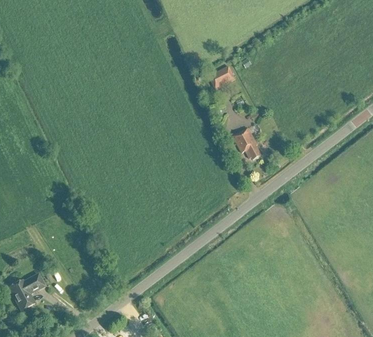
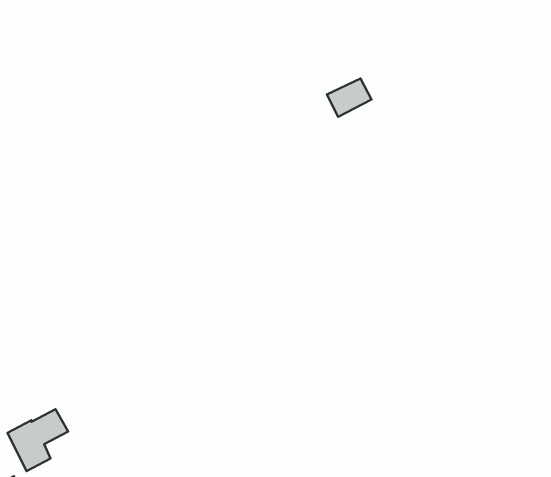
building: [233,127,261,158] -> none

